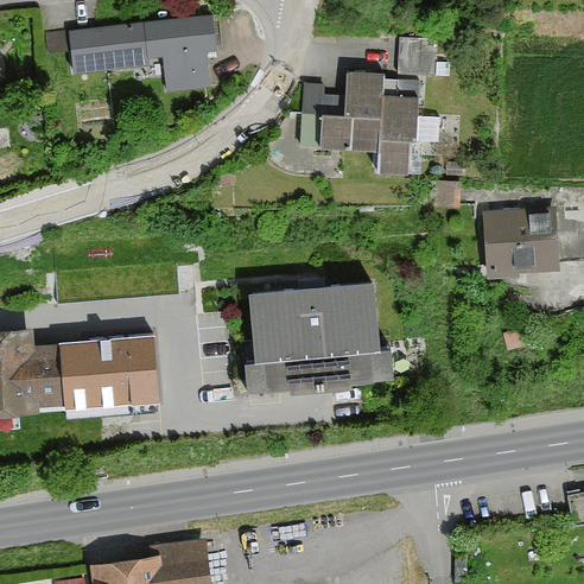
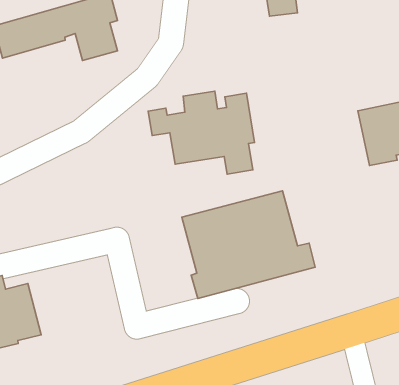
building: [301,76,420,176] -> [148,91,254,174]
building: [59,336,155,407] -> none

